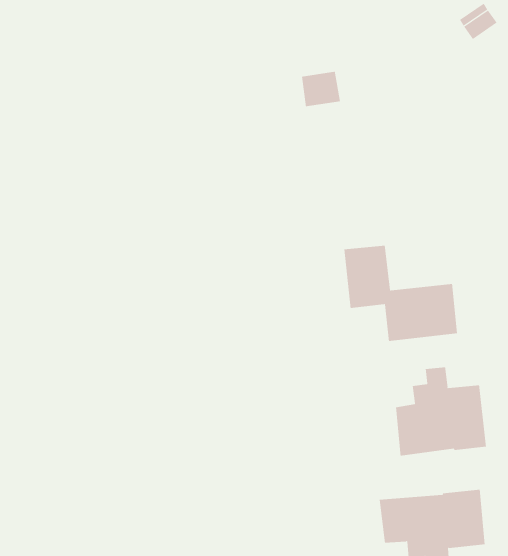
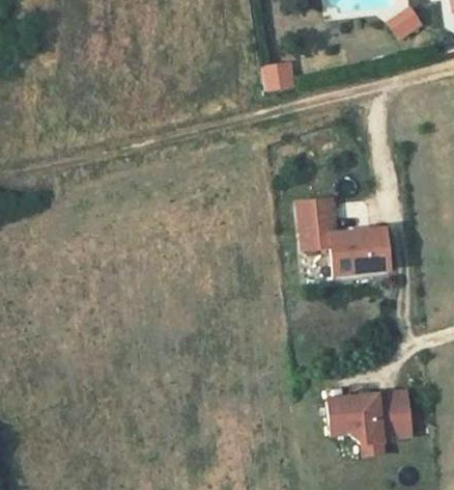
building: [395,367,487,456] -> none

